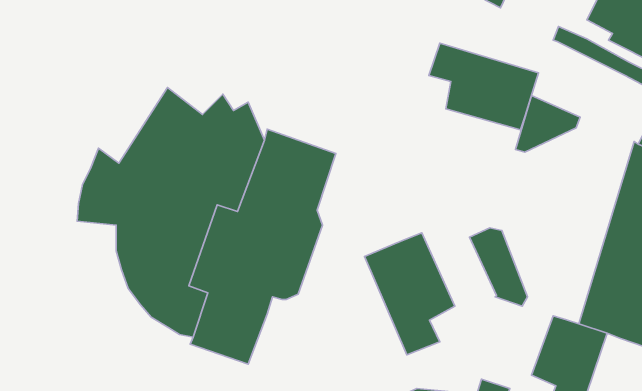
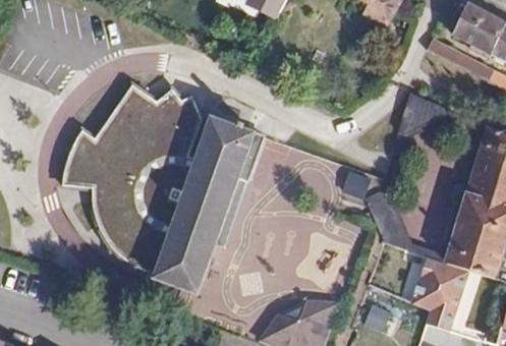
building: [429,43,538,130] -> none
building: [365,233,455,355] -> none

